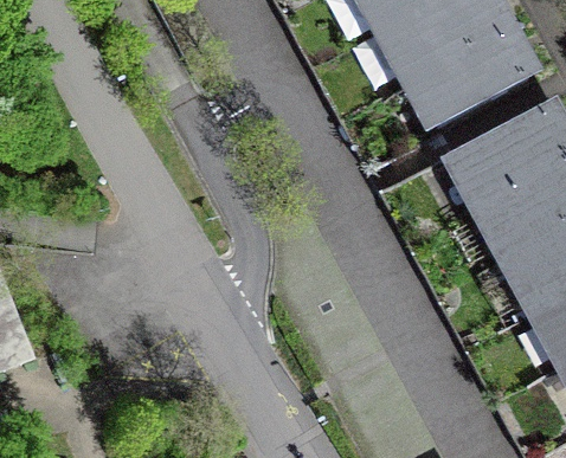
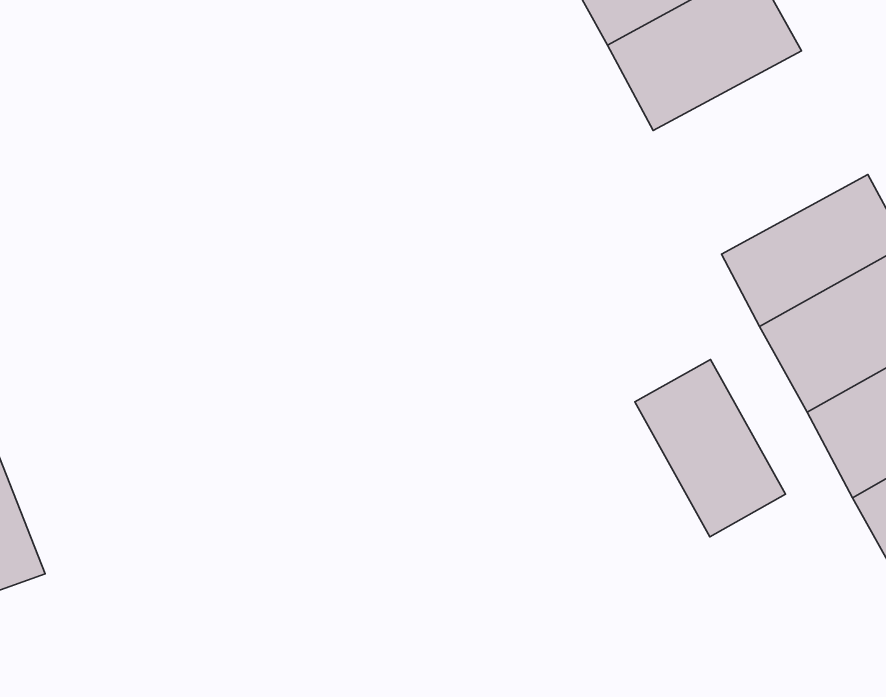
building: [410,36,526,130] -> none
building: none -> [635,359,786,537]

